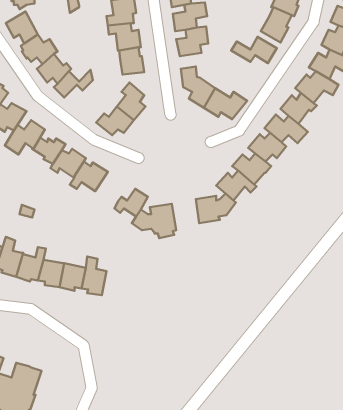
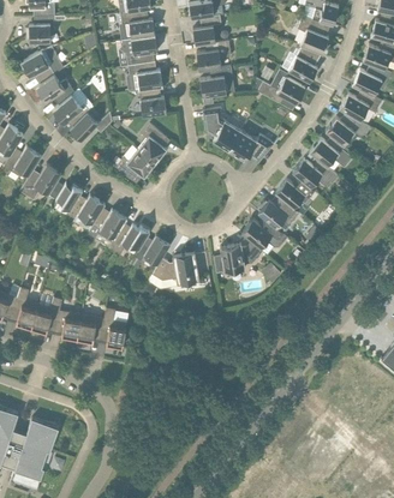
building: none -> [109,224,149,256]

